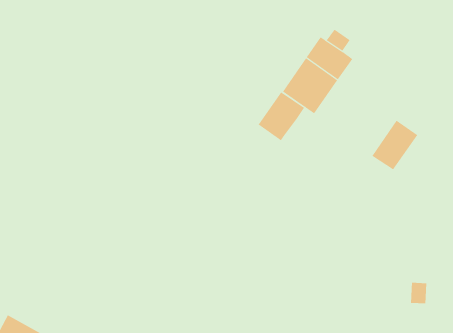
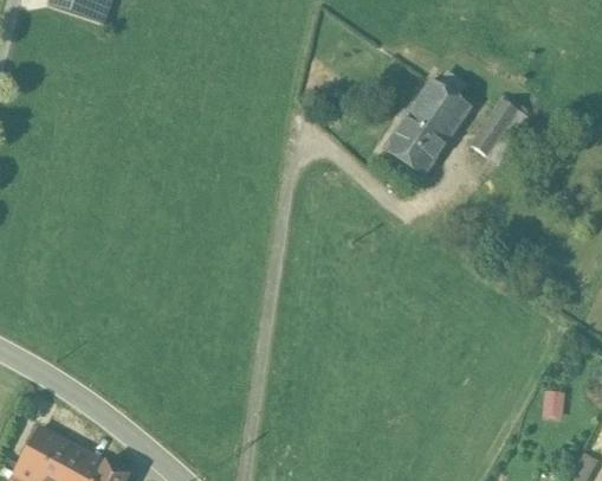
building: [258,91,305,141] -> none
building: [372,120,418,170] -> [470,100,527,162]

